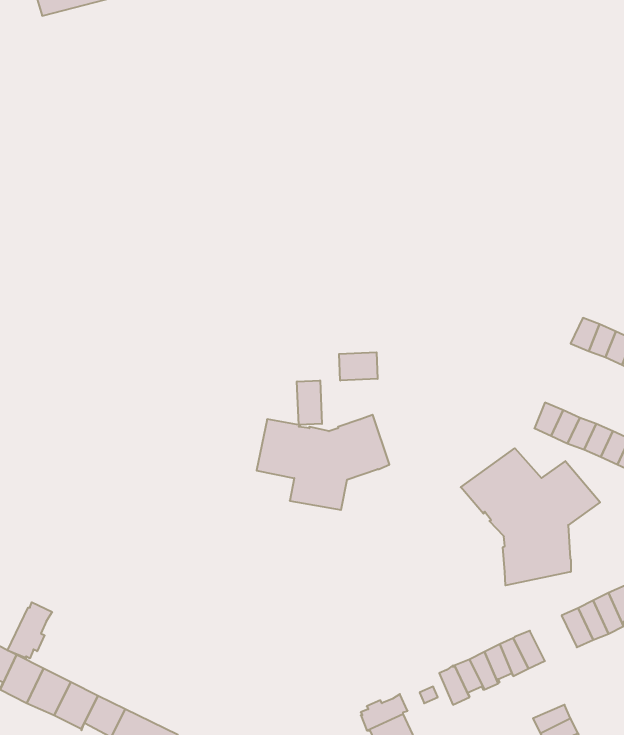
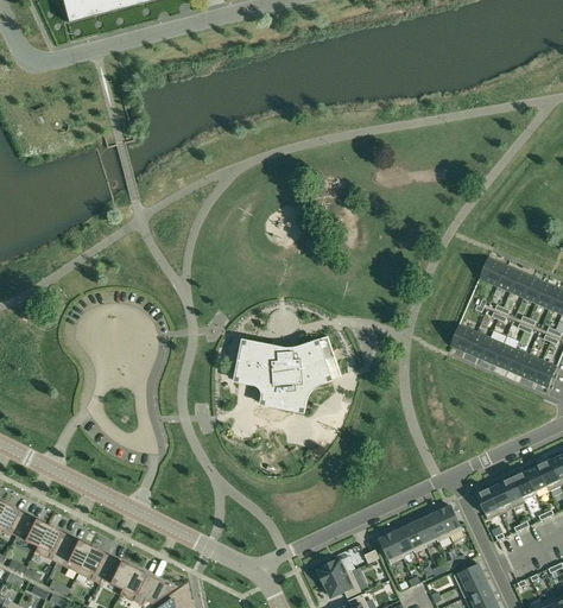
building: [339,352,378,381] -> none
building: [297,380,322,425] -> none
building: [461,448,600,585] -> none
building: [8,602,52,658] -> none

